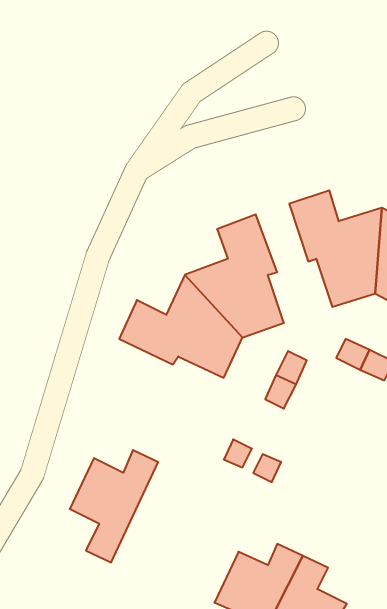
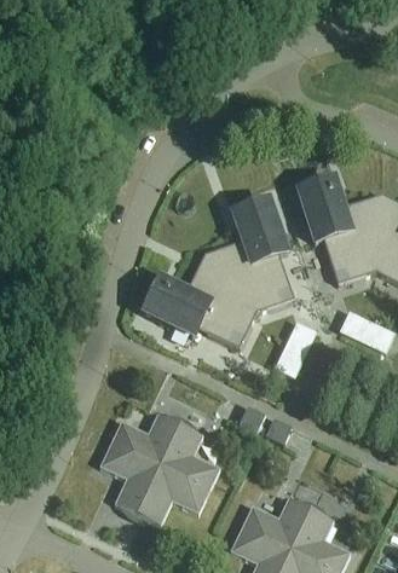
building: none -> [138,423,220,525]

